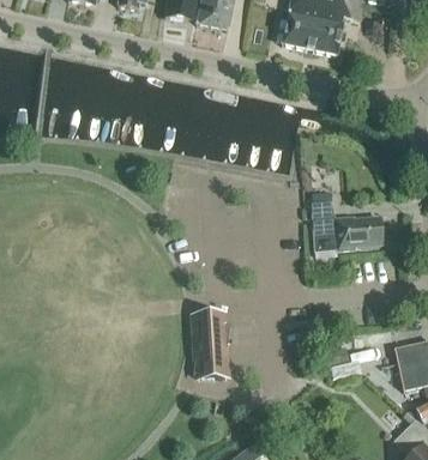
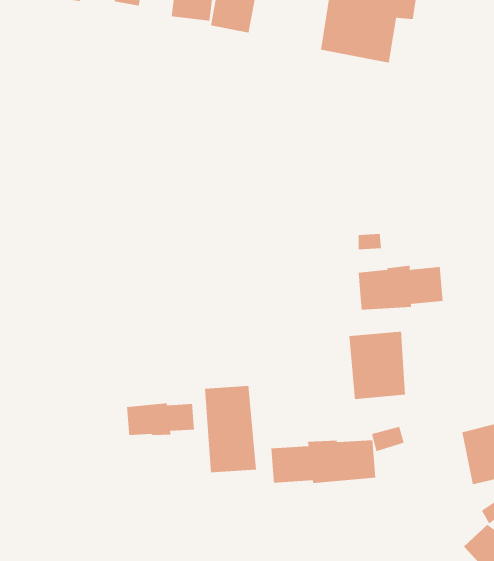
building: none -> [349,331,406,400]
building: none -> [127,403,195,436]
building: none -> [271,439,376,484]

